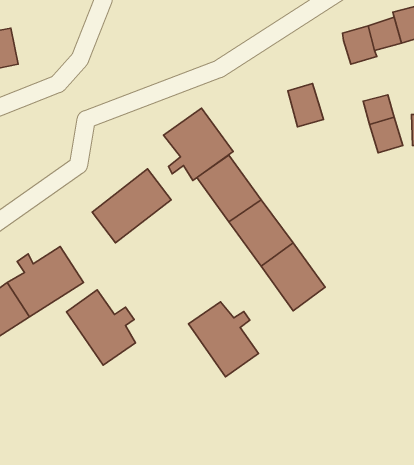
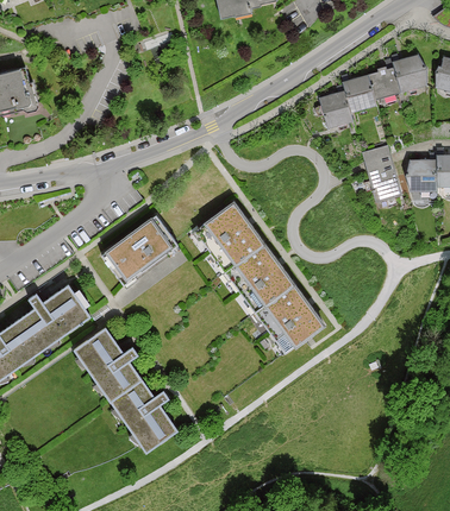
building: [288,84,324,127] -> [318,88,352,130]
building: [164,108,233,181] -> none
building: [188,302,259,377] -> [110,379,177,452]

